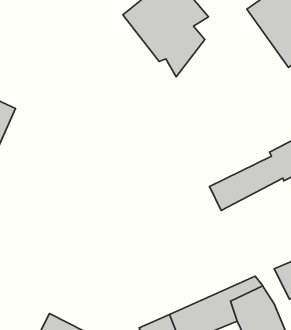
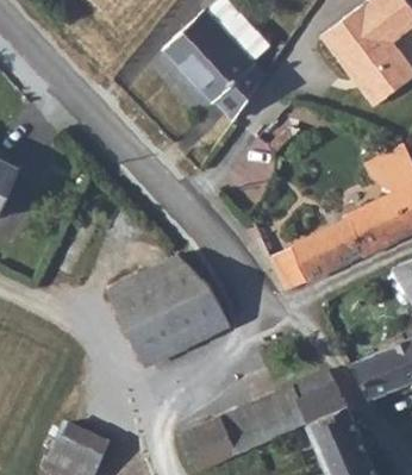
building: none -> [104,256,229,368]

